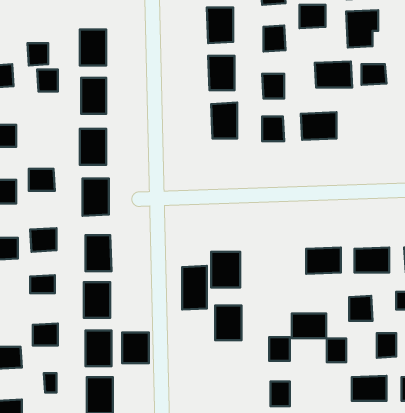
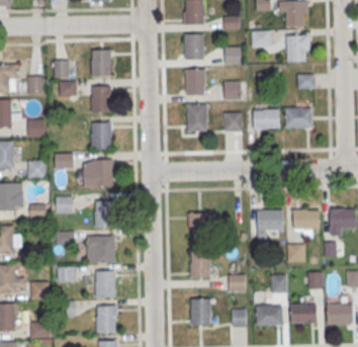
building: [315,61,352,88] -> [285,109,312,128]
building: [182,266,207,310] -> none
building: [292,313,326,338] -> [256,306,281,324]
building: [122,333,149,363] -> none
building: none -> [189,298,210,325]

